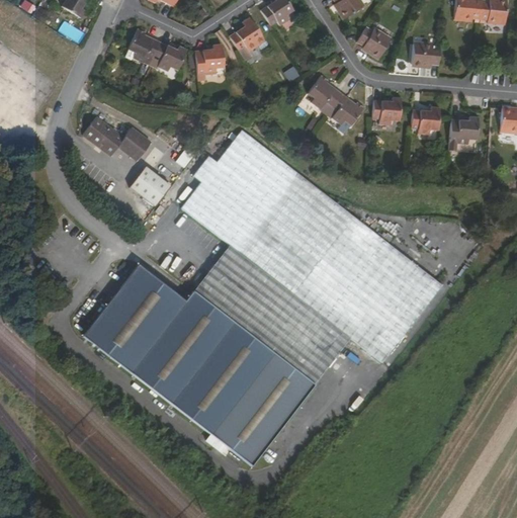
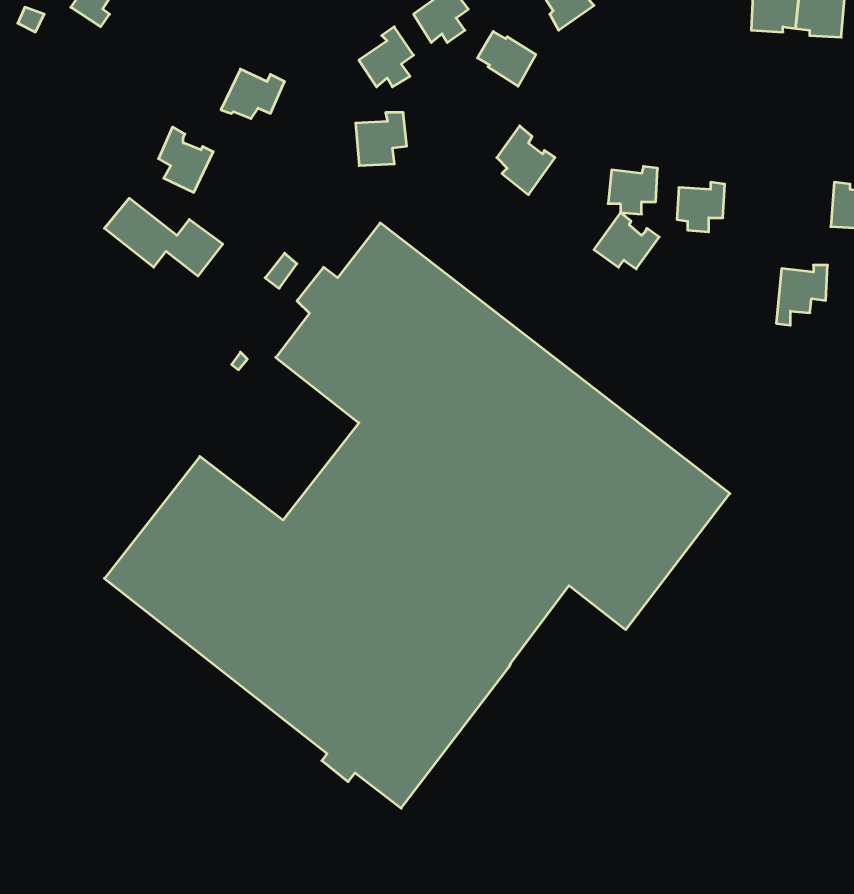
building: [357,26,391,58] -> [477,31,536,86]
building: [131,27,162,65] -> [158,127,213,192]
building: [412,44,441,66] -> none
building: [195,45,225,75] -> [356,113,407,166]
building: [327,92,364,124] -> [594,212,659,269]
building: [448,116,478,151] -> [776,265,828,325]
building: [128,169,169,208] -> none

